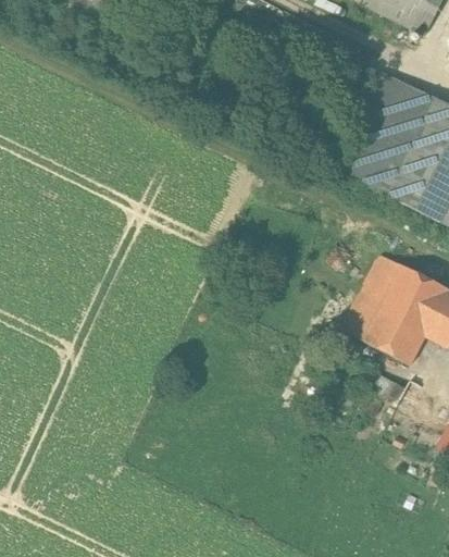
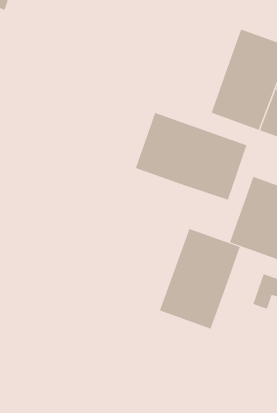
building: none -> [135,112,247,200]
building: none -> [159,228,240,330]

